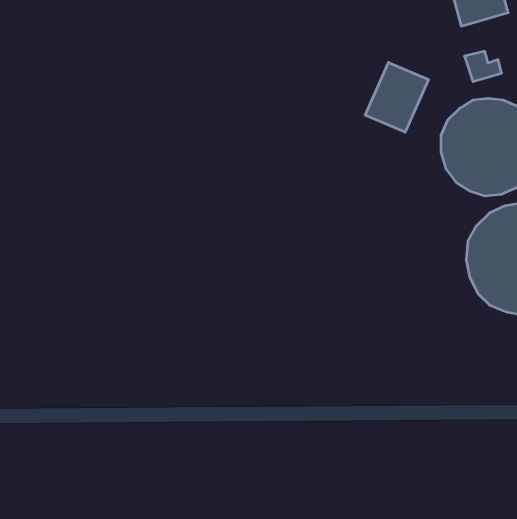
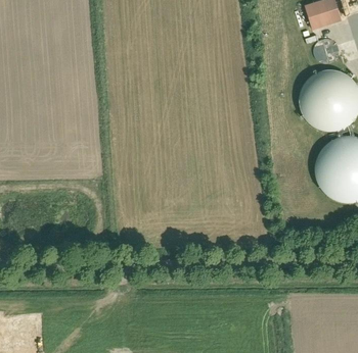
building: [365,62,429,132] -> none

